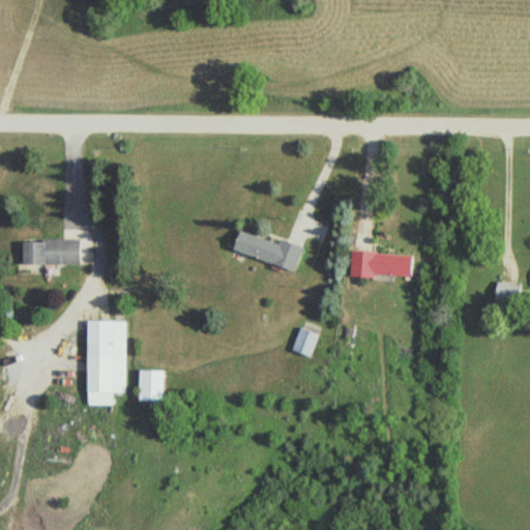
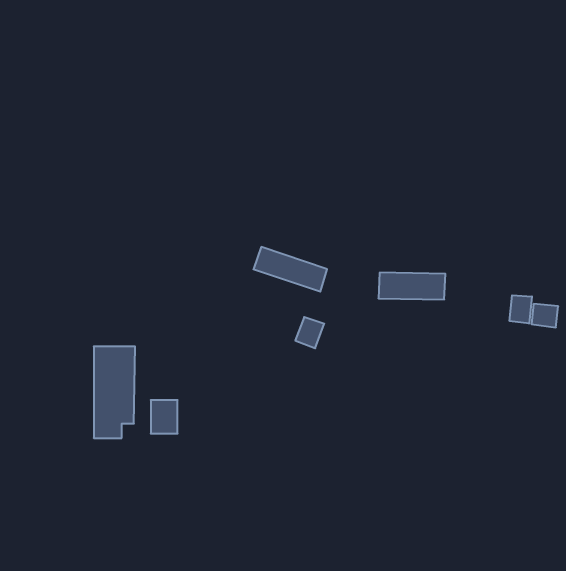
building: [24,239,80,265] -> none
building: none -> [510,295,532,324]
building: [292,328,319,357] -> [295,317,324,348]

